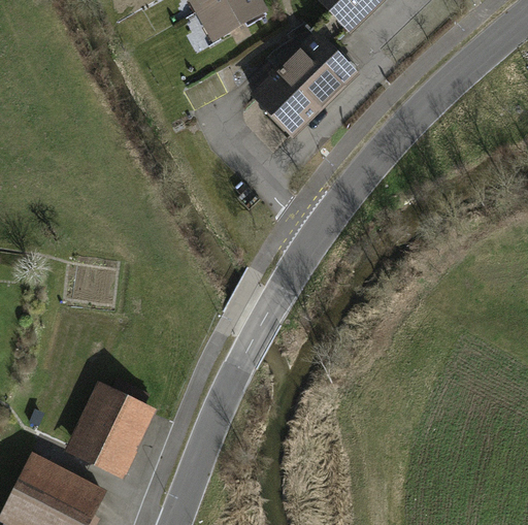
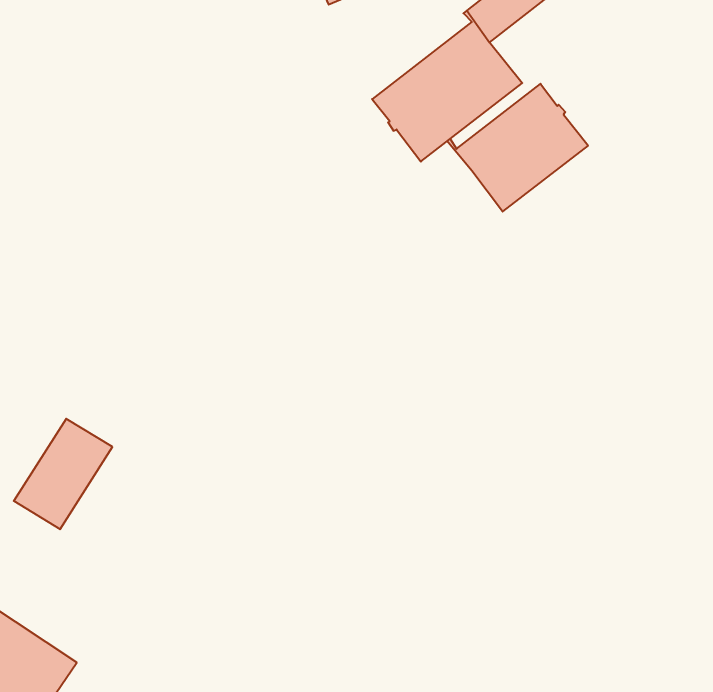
building: none -> [447,84,588,212]
building: [80,394,142,468] -> [14,419,112,529]

